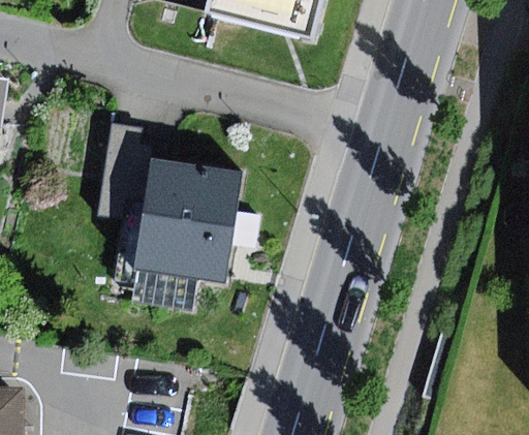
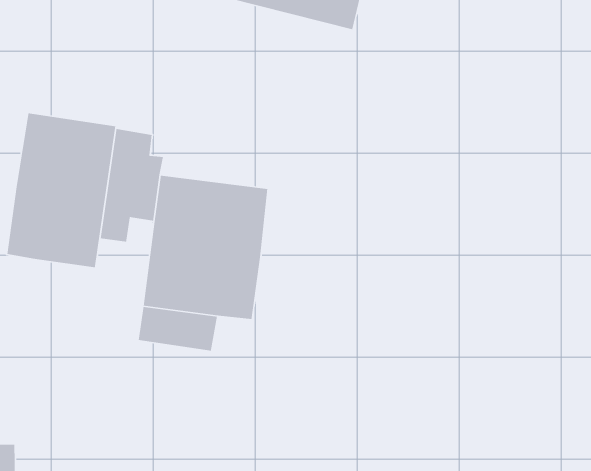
building: none -> [6,113,116,268]

